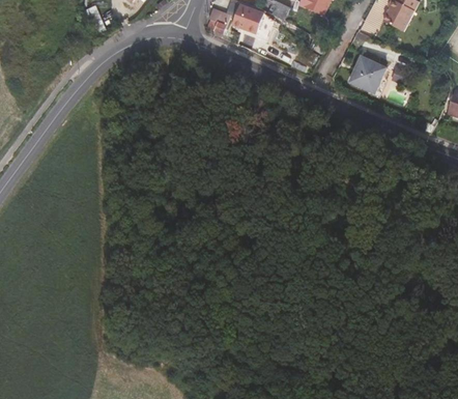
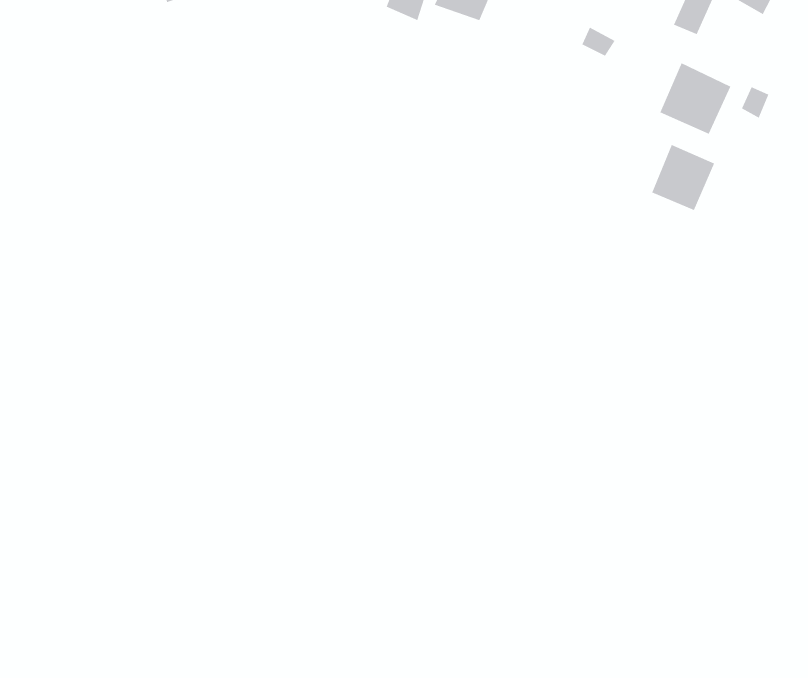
building: none -> [652,144,715,211]

